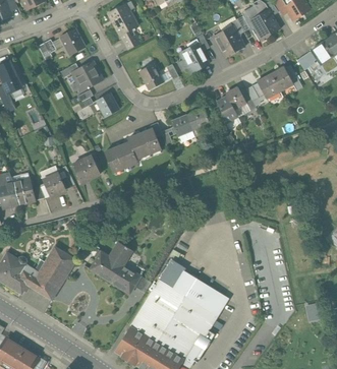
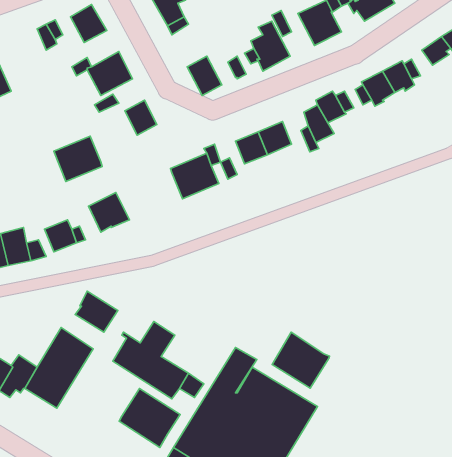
building: [105,141,137,172] -> [54,136,102,182]
building: none -> [75,291,118,332]
building: none -> [272,332,329,388]
building: none -> [119,388,180,447]

